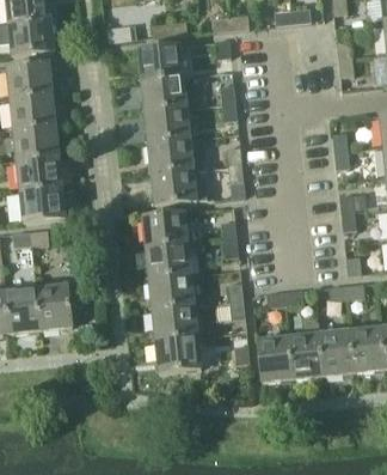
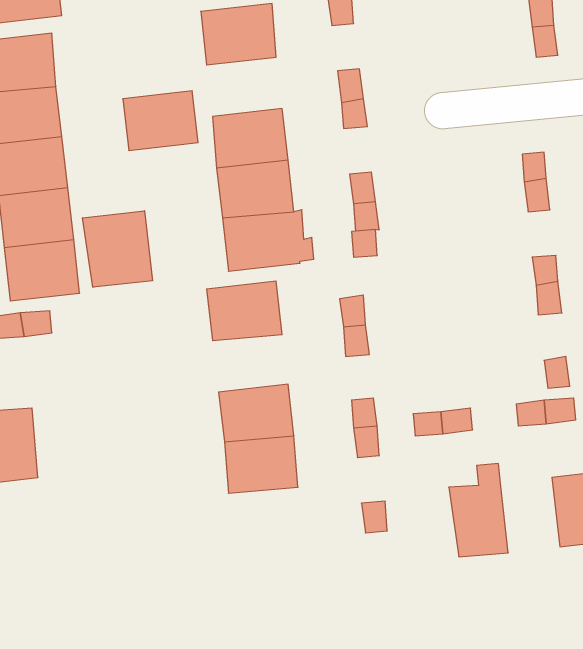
building: [142,75,188,111] -> [123,91,198,150]
building: none -> [83,211,152,287]
building: [146,243,191,278] -> none
building: [37,284,72,329] -> none
building: [319,329,355,374] -> none
building: [155,335,201,371] -> none
building: [257,335,294,380] -> none

